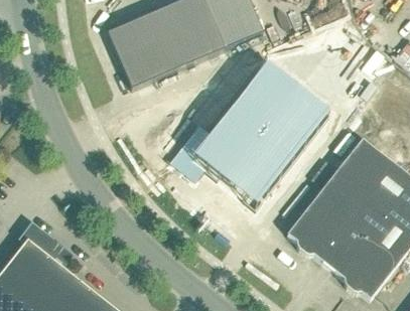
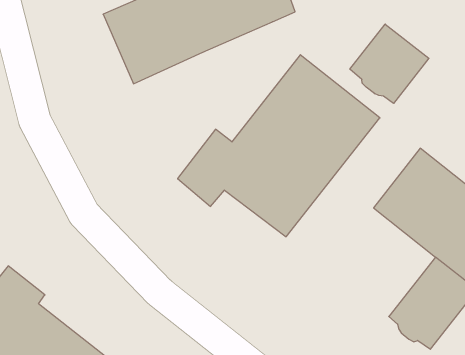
building: none -> [350,24,429,103]
building: [287,186,374,273] -> none

